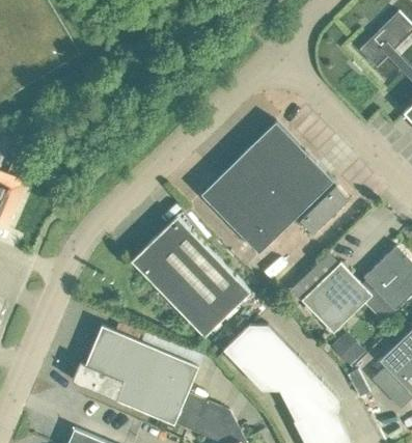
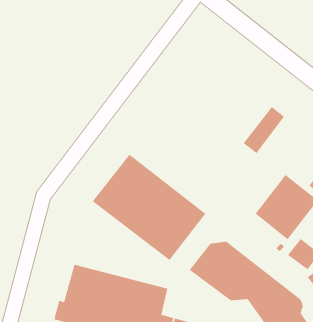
building: [201,122,334,254] -> none

